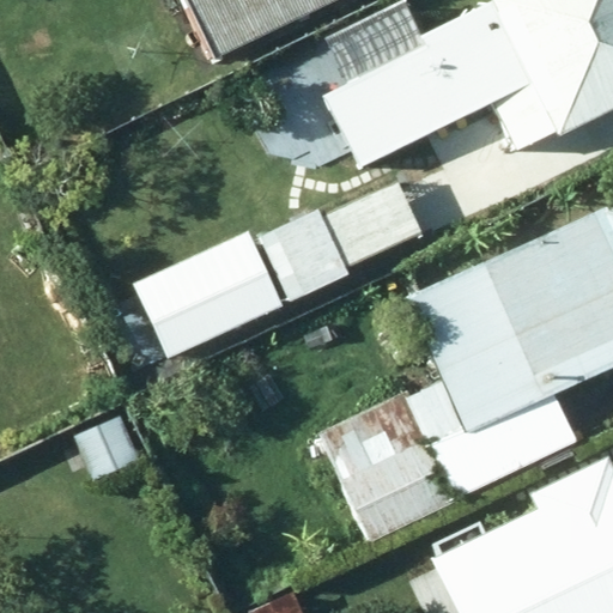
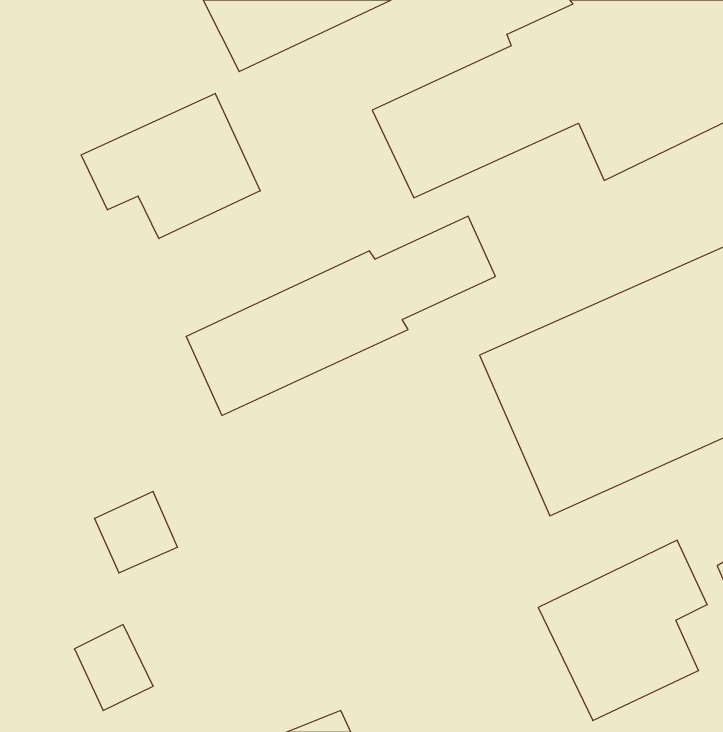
building: none -> [81,93,260,239]
building: [320,389,459,540] -> none

